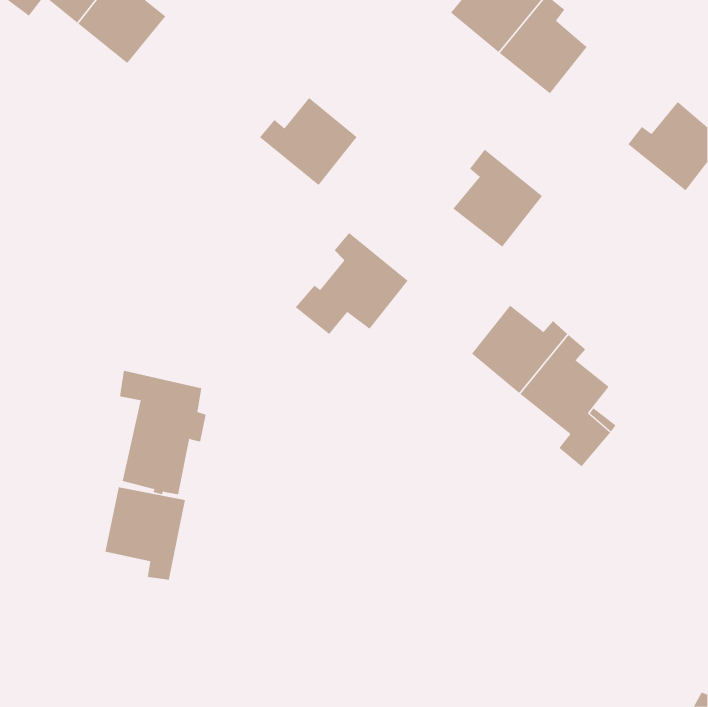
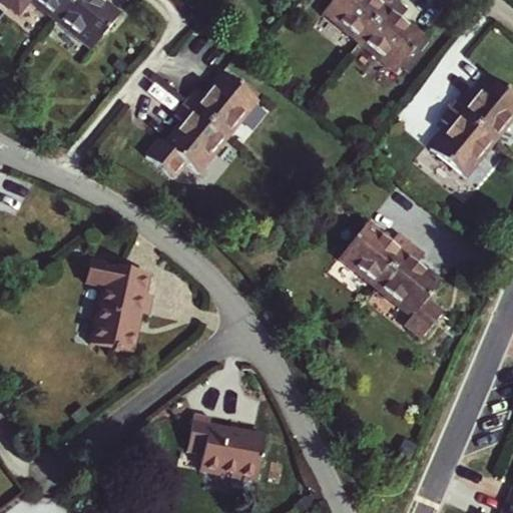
building: [453,149,543,247] -> [431,104,496,175]
building: [295,232,408,335] -> [148,99,230,173]
building: [105,487,185,581] -> none
building: none -> [189,421,266,486]

